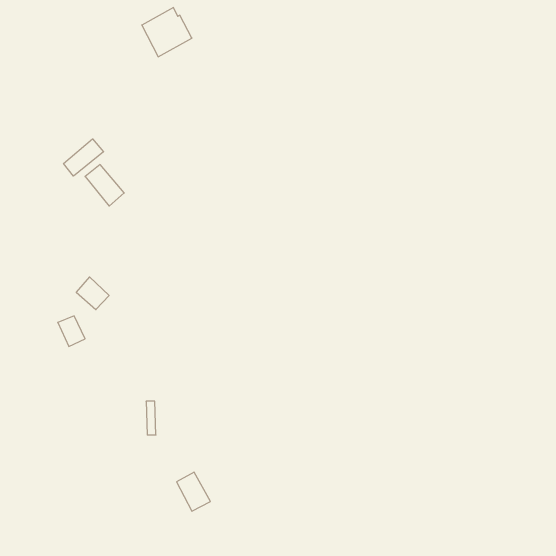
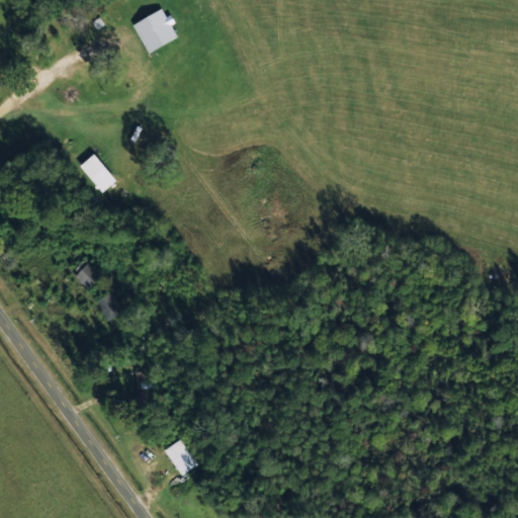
building: [64,139,104,176] -> none
building: [58,316,85,346] -> [97,292,122,321]

